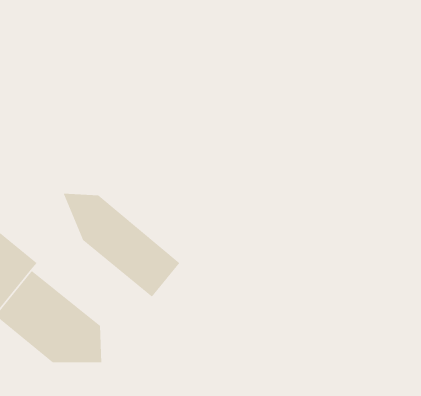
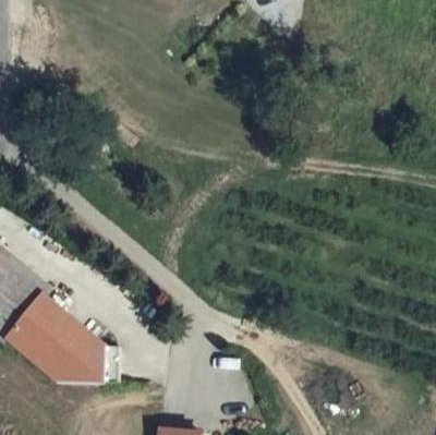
building: [63,193,180,298] -> none

